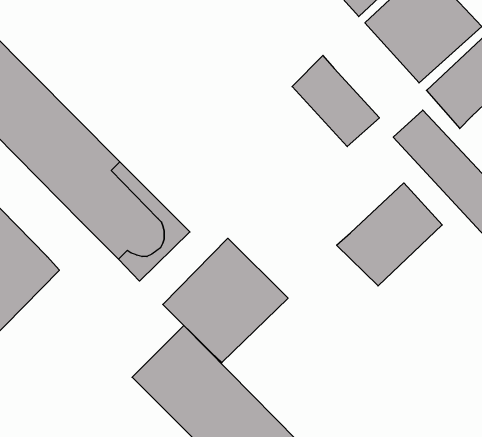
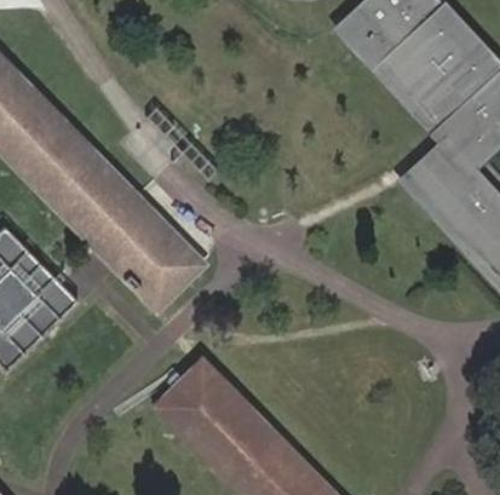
building: [292,55,379,147] -> none
building: [337,183,442,286] -> none
building: [163,238,288,363] -> none

